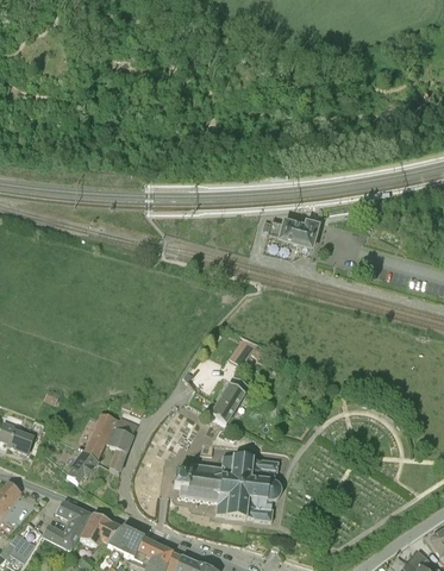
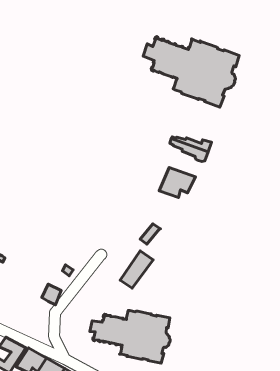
building: none -> [143,37,239,107]
building: none -> [159,167,196,198]
building: [67,412,115,483] -> none

